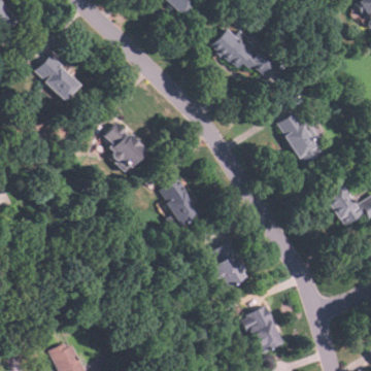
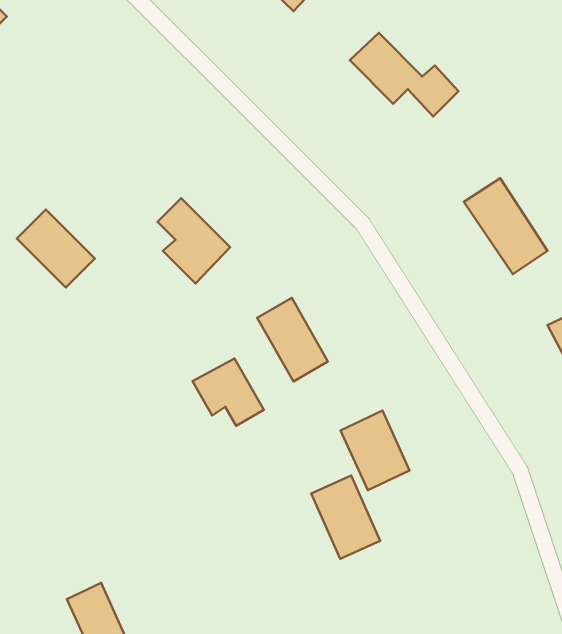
building: [34,55,78,99] -> [17,210,95,288]
building: none -> [193,359,264,426]
building: [244,305,283,352] -> [311,475,380,559]

